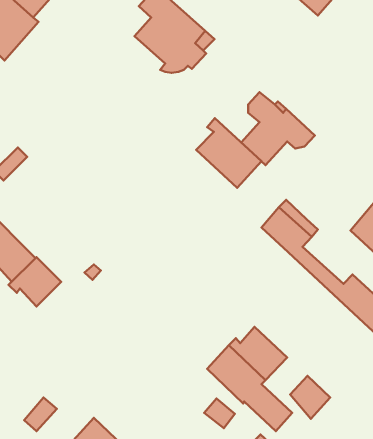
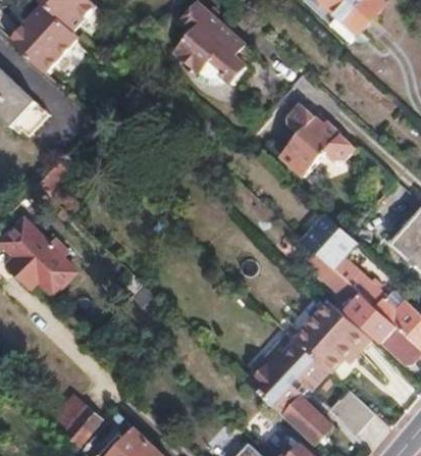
building: [196,118,261,188] -> none
building: none -> [321,264,403,350]
building: [9,257,61,306] -> none
building: none -> [294,300,369,372]

